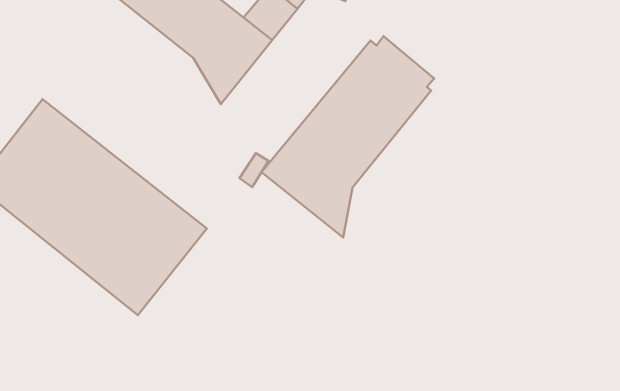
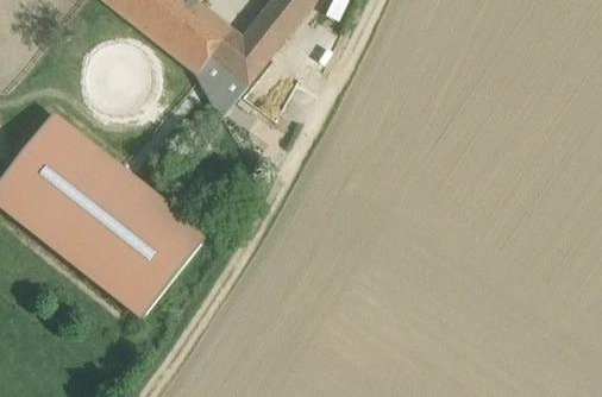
building: [262,36,434,237] -> none

